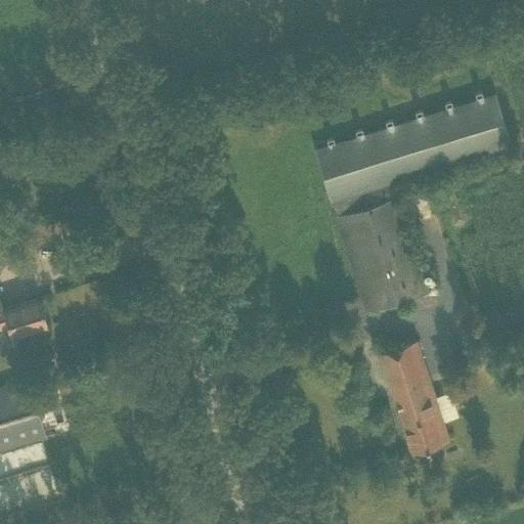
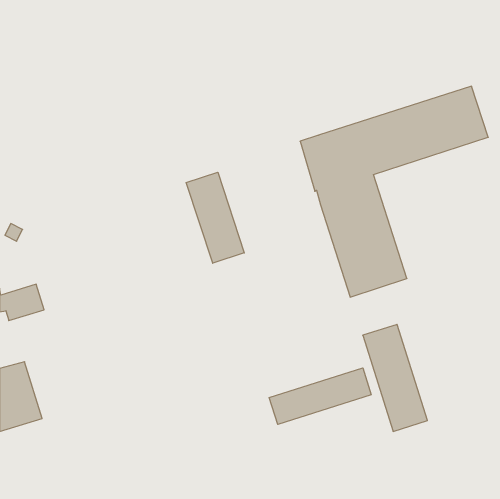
building: none -> [186,172,244,263]
building: none -> [269,368,371,424]

